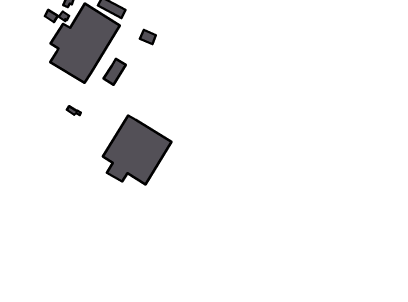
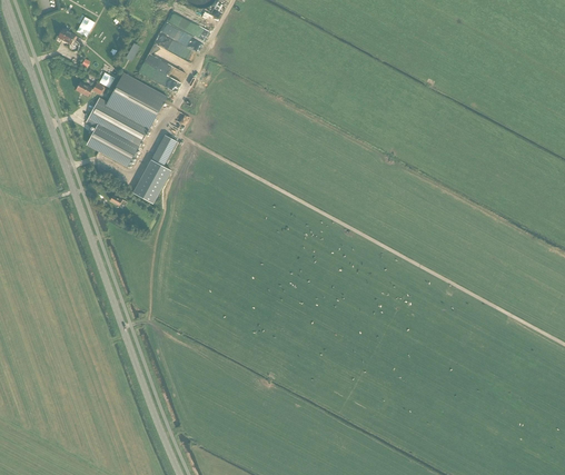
building: none -> [132,159,170,202]
building: [103,115,172,184] -> none

